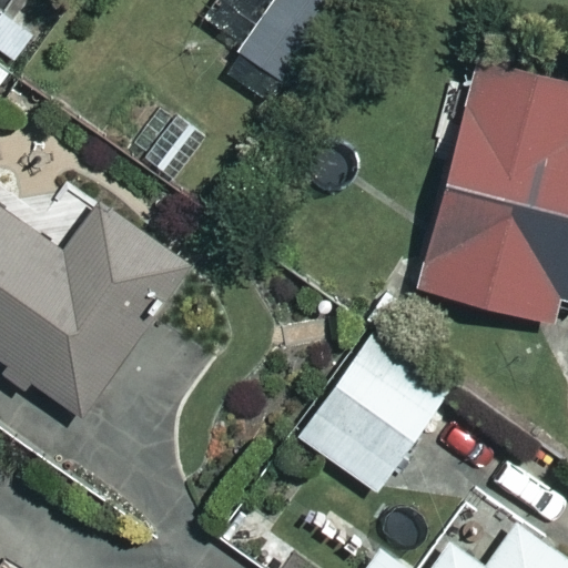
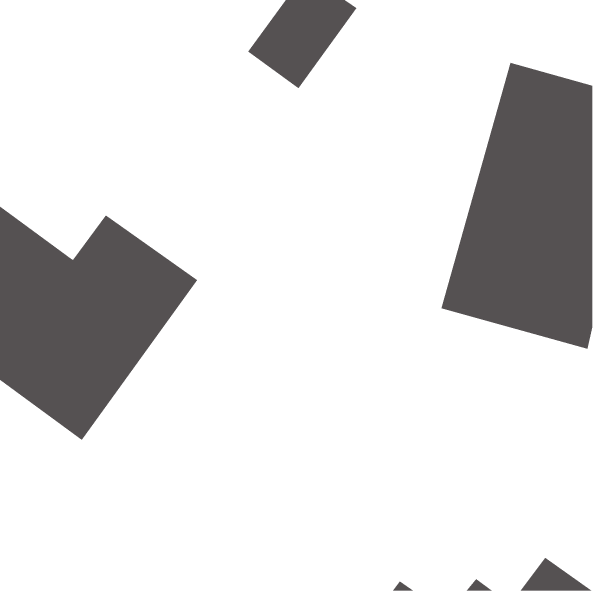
building: [300,338,448,494] -> none

